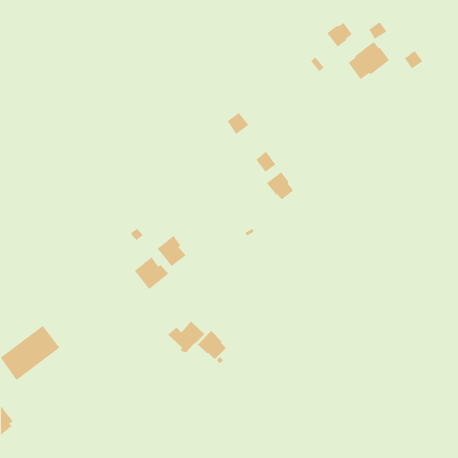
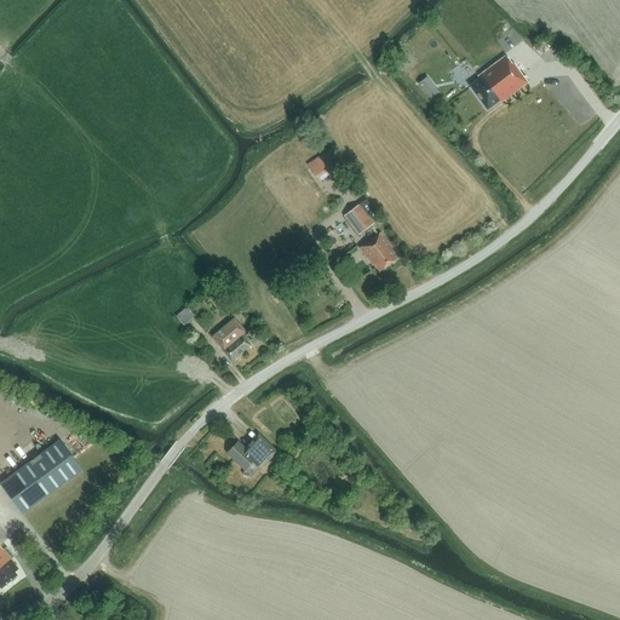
building: [327,22,353,48] -> none
building: [134,256,169,290] -> none
building: [197,330,227,360] -> none

